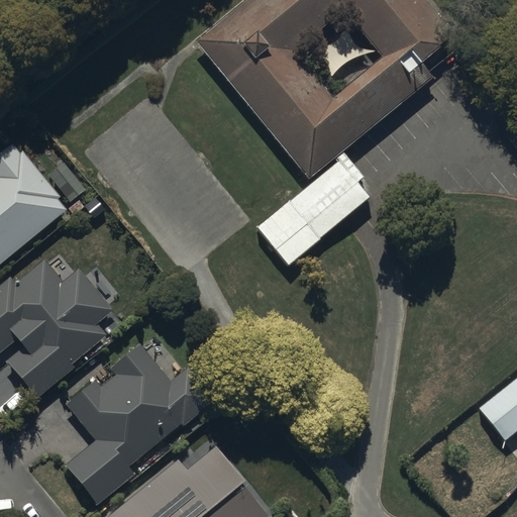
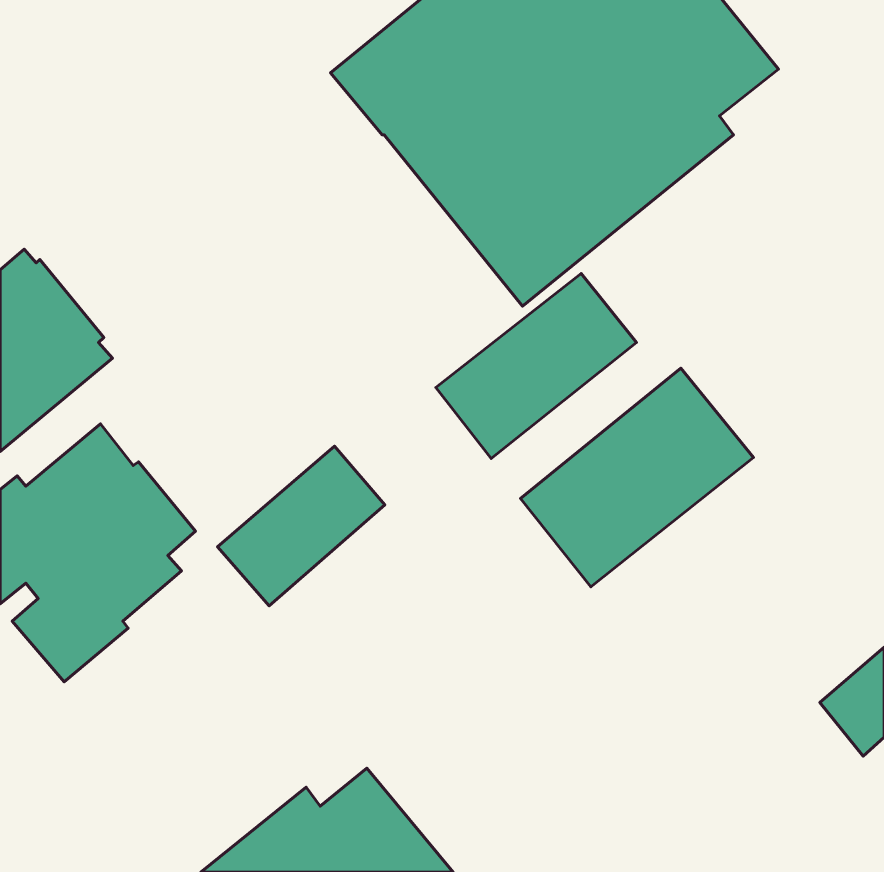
building: none -> [520,368,753,587]
building: none -> [218,446,385,606]
building: [65,344,213,505] -> none

